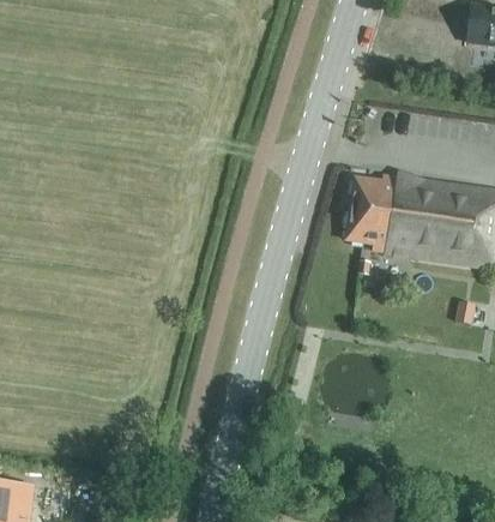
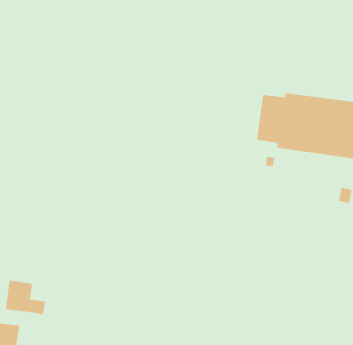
building: none -> [5,280,46,315]

